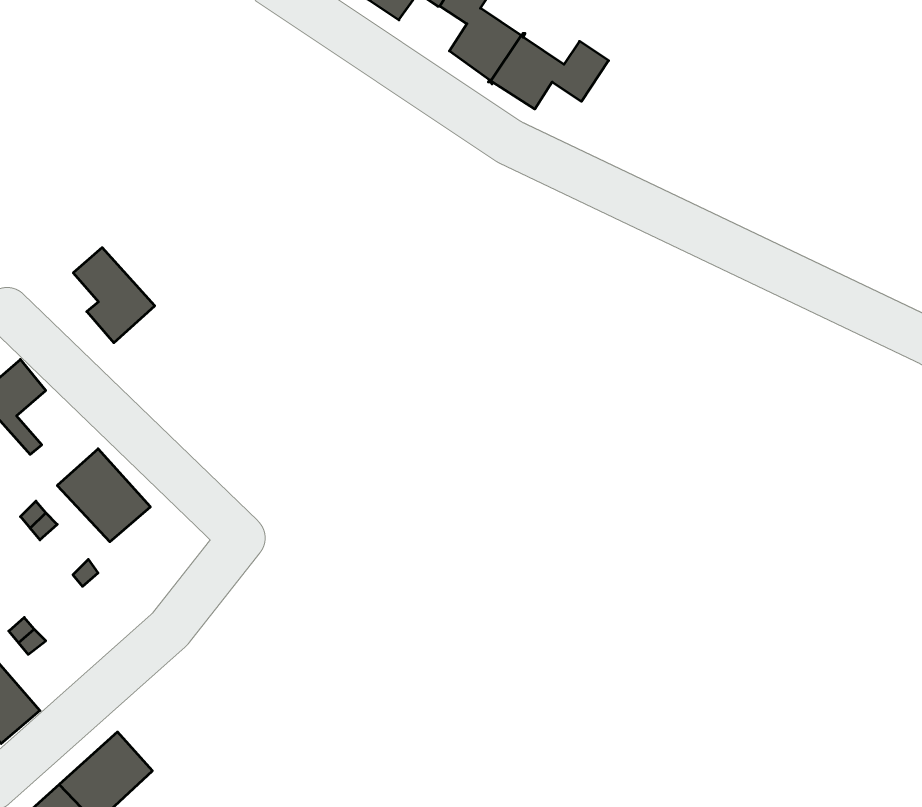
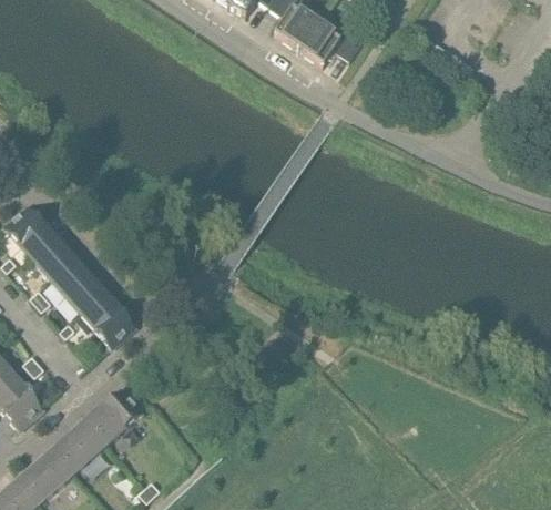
building: [73,248,155,343] -> [28,224,74,278]
building: none -> [81,290,134,343]
building: none -> [85,389,140,441]

